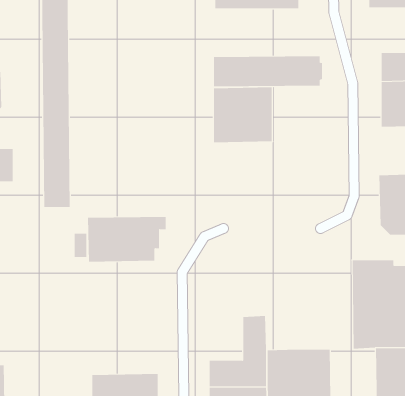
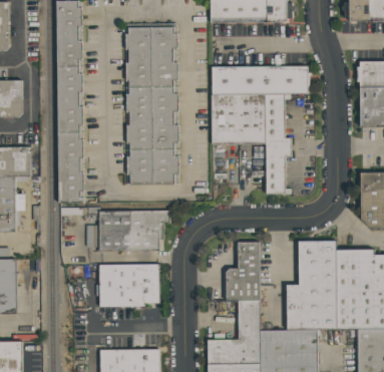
building: none -> [124,25,177,183]
building: none -> [264,93,290,193]
building: none -> [225,241,258,300]
building: none -> [286,241,336,329]
building: none -> [98,263,158,306]

